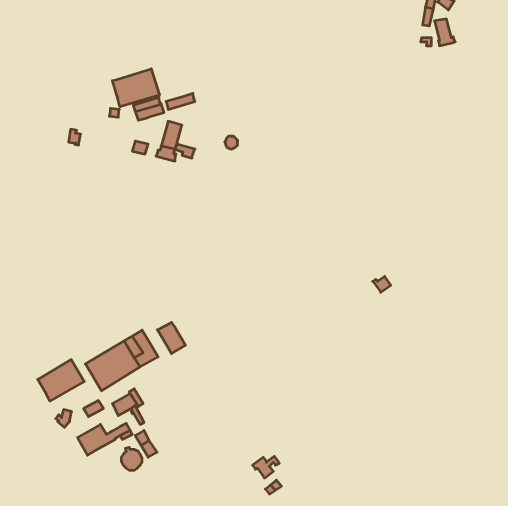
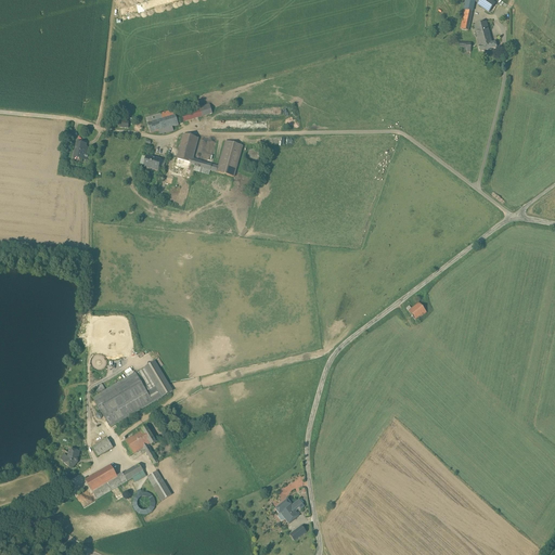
building: [112,69,159,107] -> none
building: none -> [217,140,243,175]
building: [157,322,185,354] -> none
building: [38,360,84,401] -> none

